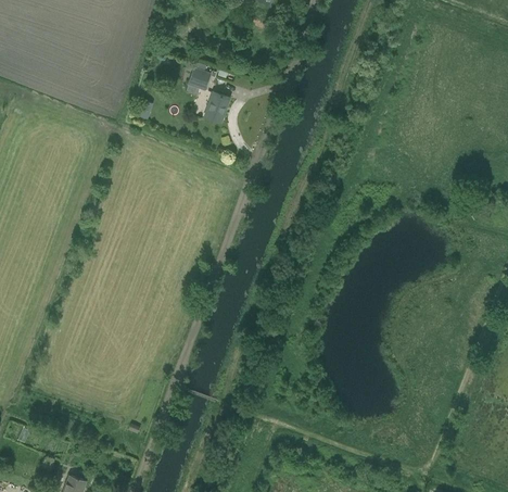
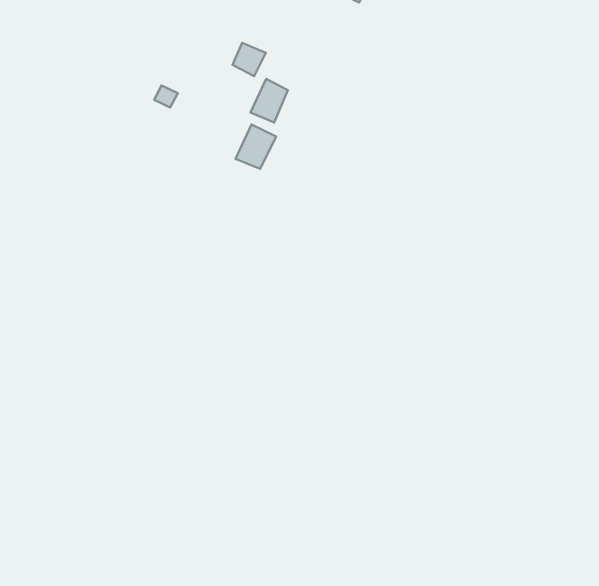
building: none -> [236,124,276,169]

